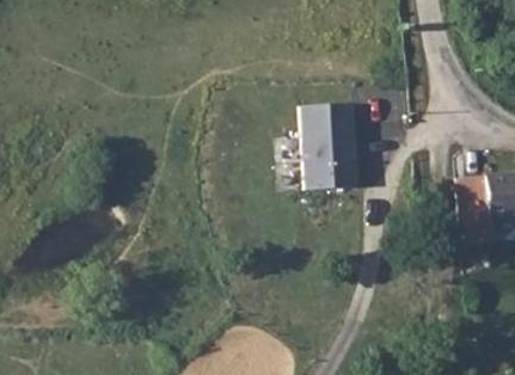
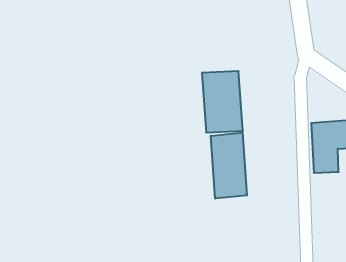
building: none -> [211,133,247,199]

